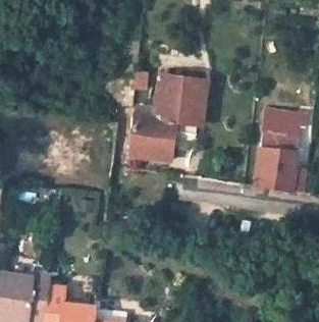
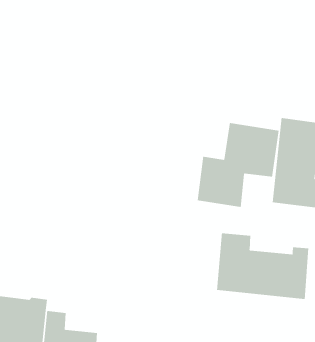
building: [129,84,205,161] -> [197,123,279,207]
building: none -> [216,233,309,300]

